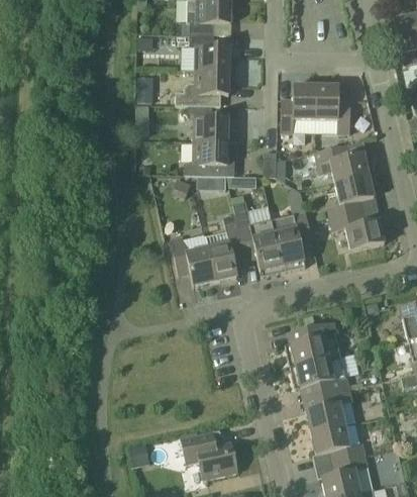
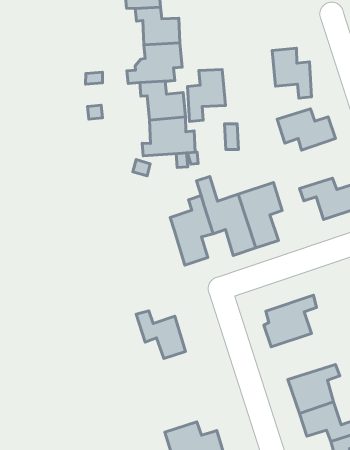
building: [281,84,316,131] -> [187,69,225,121]
building: [328,174,374,218] -> none
building: [172,239,215,286] -> [136,311,185,359]
building: [290,357,349,398] -> none

